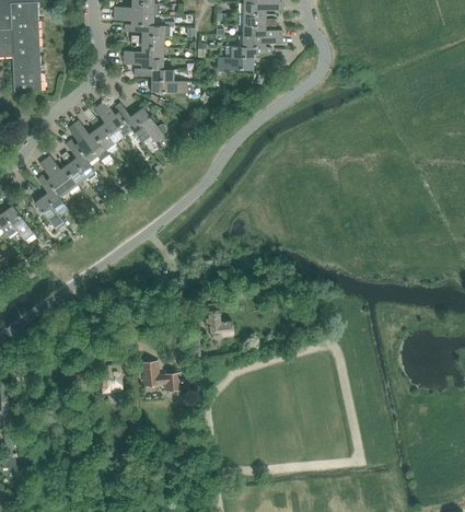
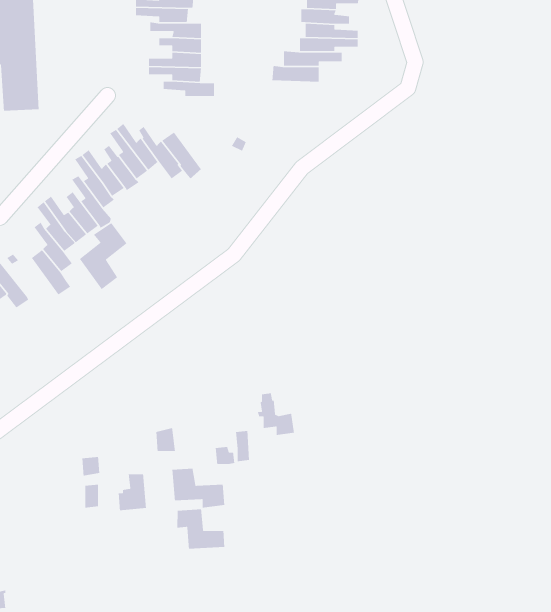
building: [151,81,193,96] -> none
building: none -> [79,222,127,290]
building: none -> [176,508,225,549]

